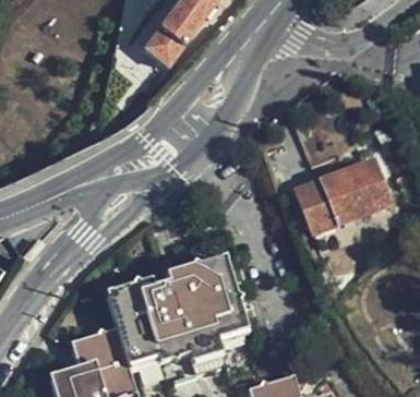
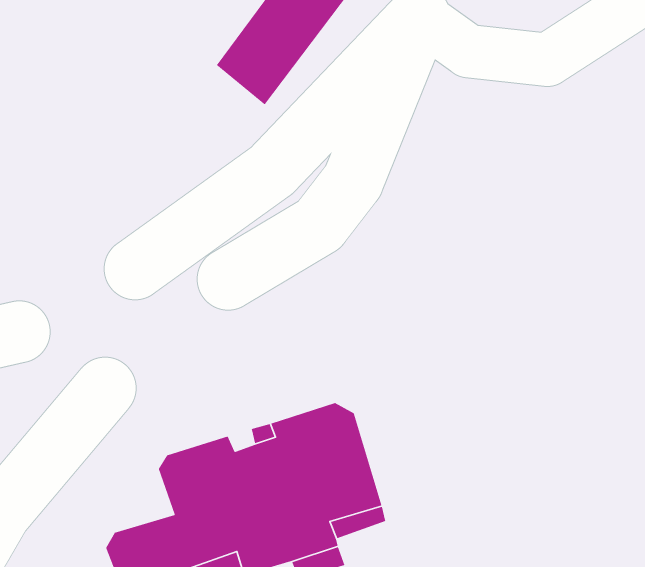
building: [295,163,391,234] -> none

